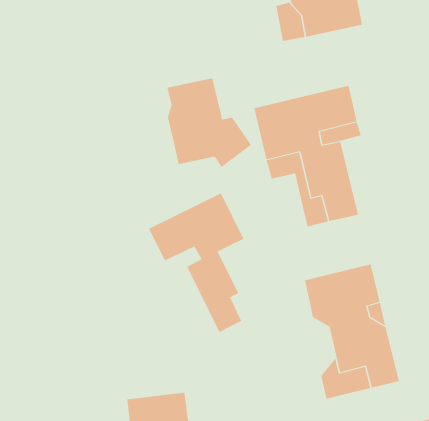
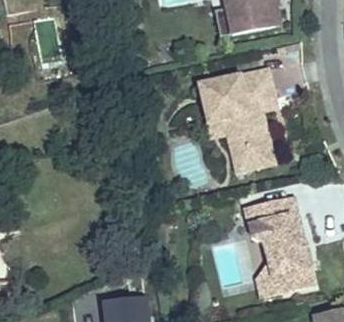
building: [167,77,252,168] -> none
building: [148,193,244,333] -> none

